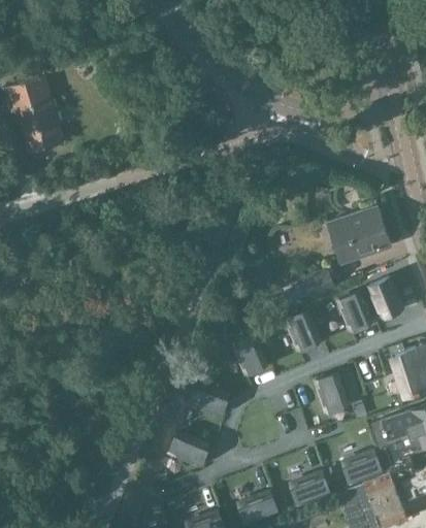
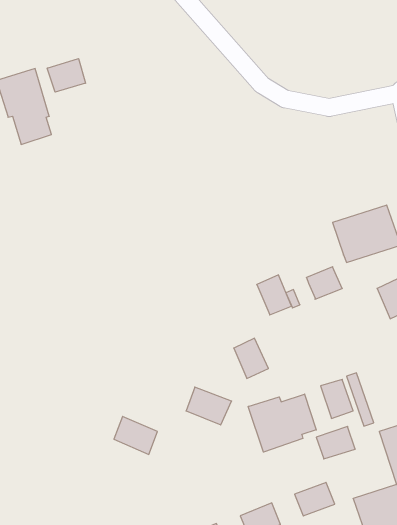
building: none -> [47,59,86,92]
building: [338,292,370,330] -> none
building: [286,311,319,350] -> [257,275,291,315]
building: none -> [248,394,316,452]
building: [169,431,210,467] -> [114,416,157,454]
building: [343,452,381,483] -> [316,426,355,459]

